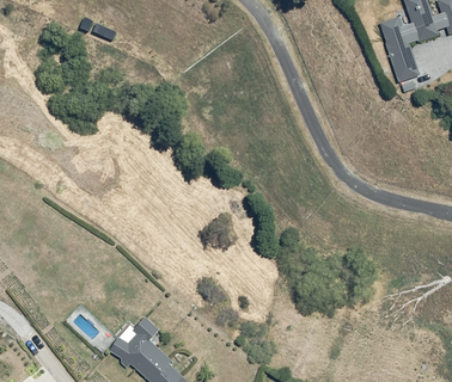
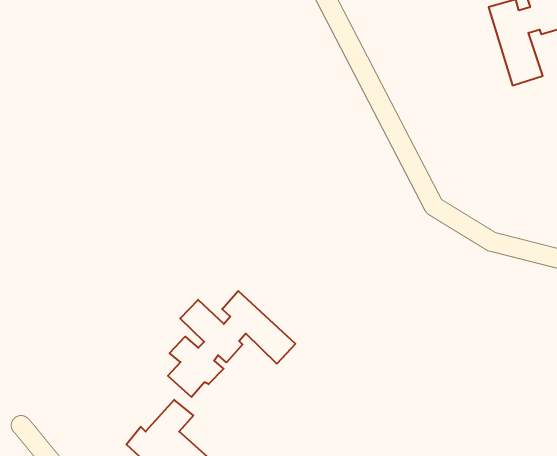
building: none -> [168,291,295,397]

